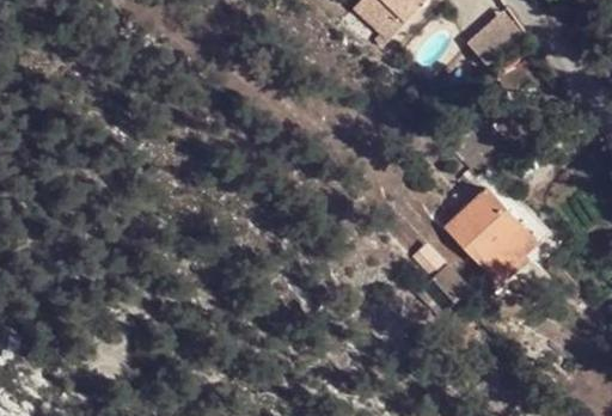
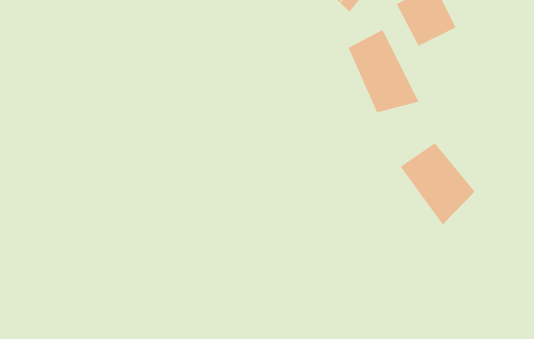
building: none -> [348,29,419,113]

